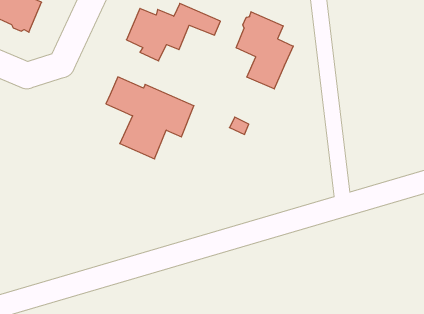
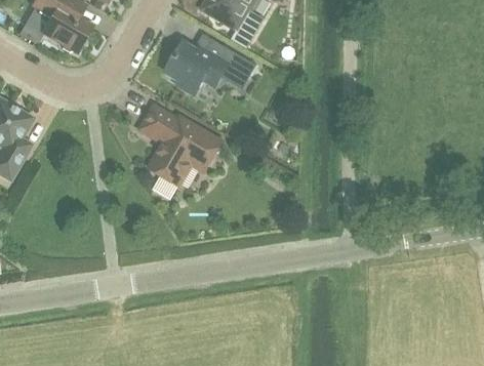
building: [236,12,293,89] -> none

